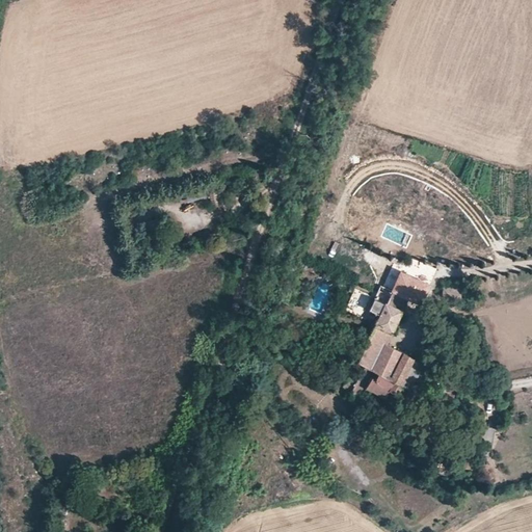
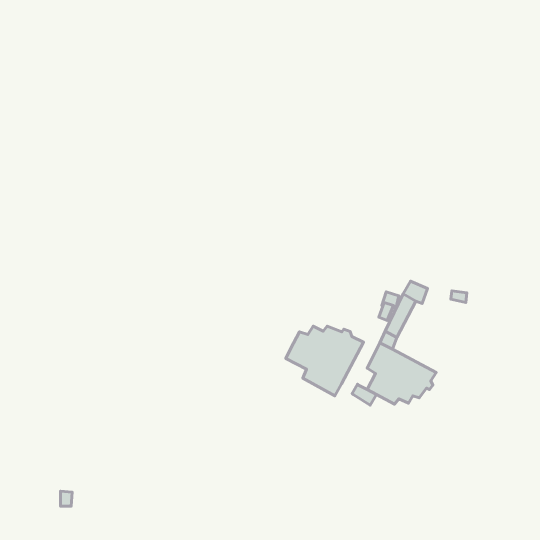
building: none -> [286,326,363,396]

